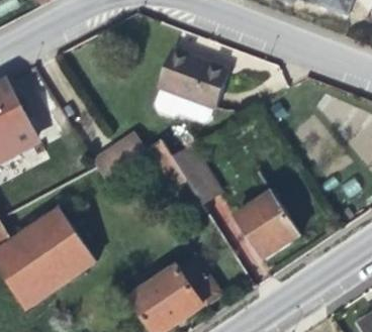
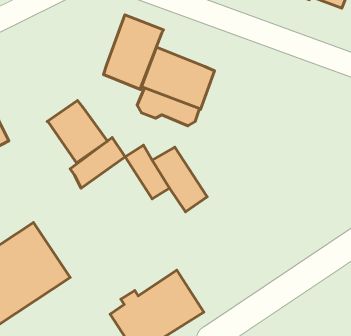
building: none -> [104,15,163,89]
building: none -> [47,101,108,163]
building: [235,192,298,260] -> none

